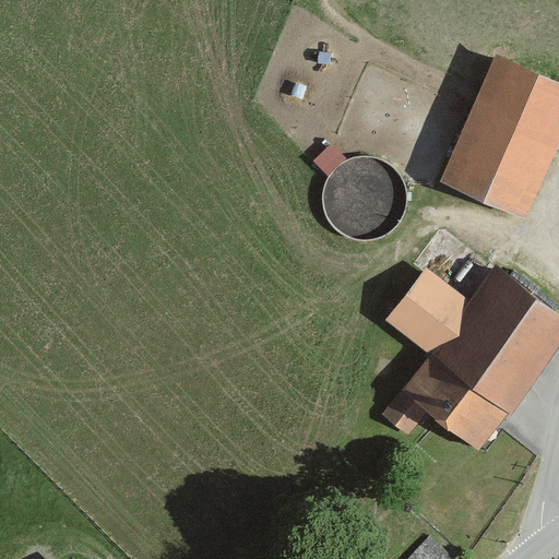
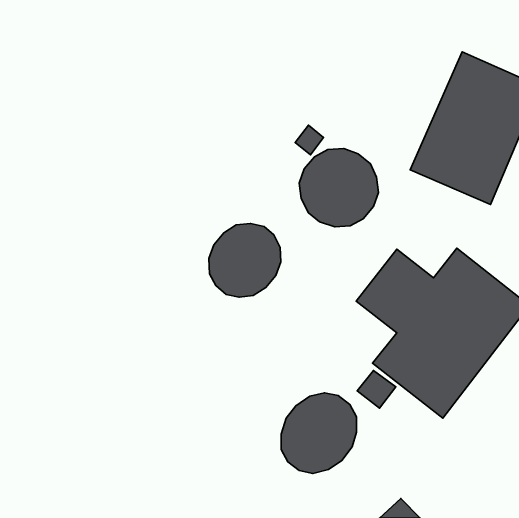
building: none -> [209,223,281,297]
building: none -> [281,393,356,474]

